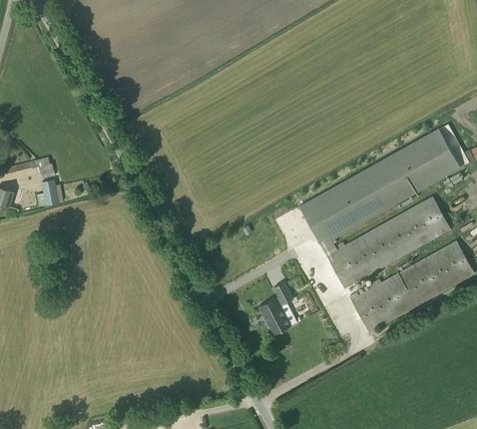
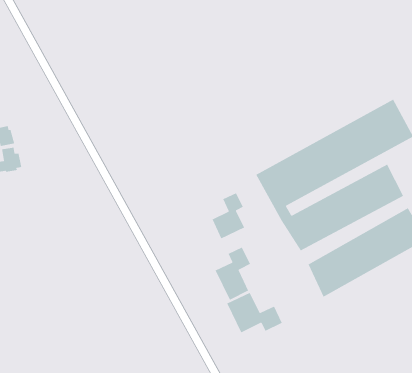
building: none -> [211,192,245,240]
building: none -> [226,292,283,333]

